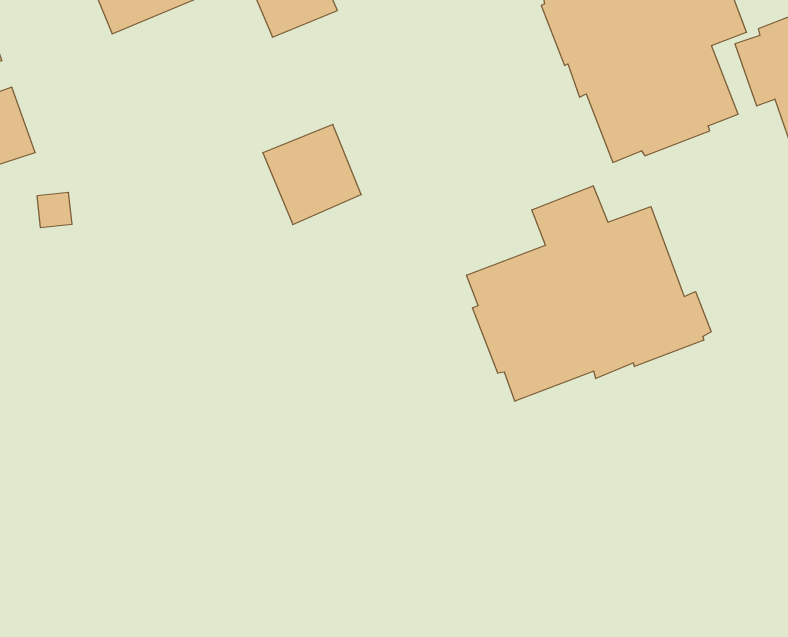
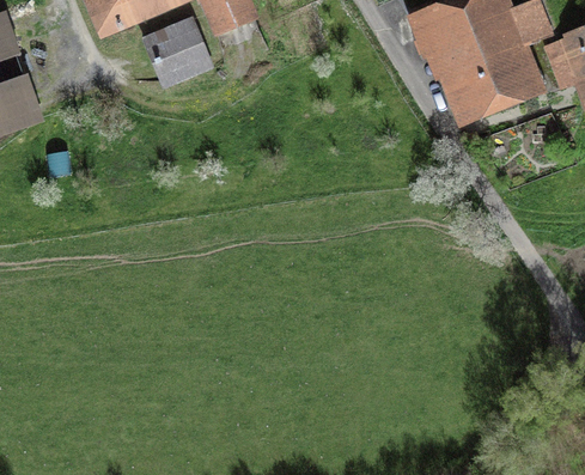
building: [263,124,361,225] -> [142,16,213,87]
building: [467,186,711,401] -> none

